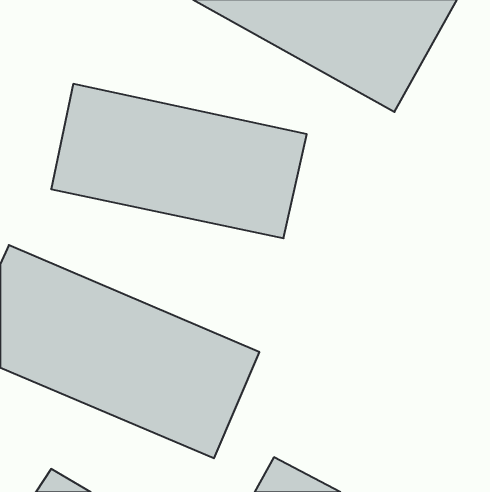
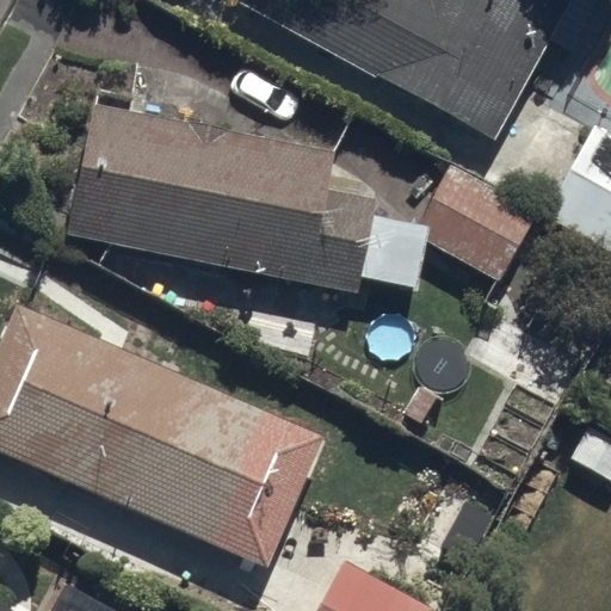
building: none -> [409,171,536,286]

